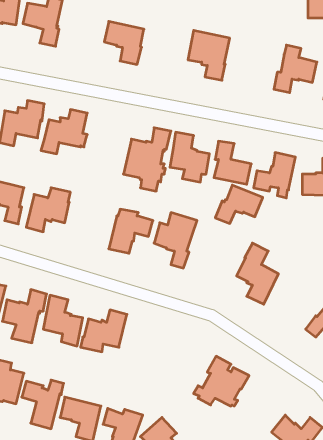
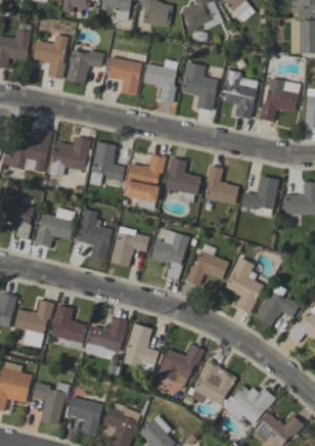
building: none -> [65,50,104,84]
building: none -> [143,62,177,102]
building: none -> [221,69,258,118]
building: none -> [89,140,126,185]
building: [215,185,263,223] -> [186,250,229,284]
building: none -> [77,208,112,261]
building: none -> [255,291,300,326]
building: none -> [123,323,160,371]
building: none -> [159,343,205,385]
building: none -> [224,385,276,421]

